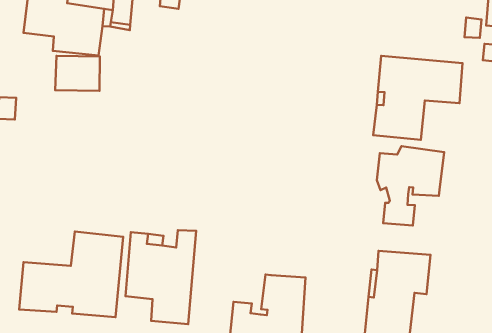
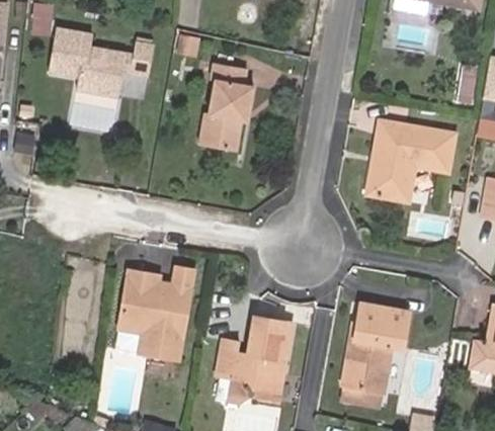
building: none -> [195,64,251,156]
building: [377,146,444,225] -> none
building: [19,232,123,317] -> none

